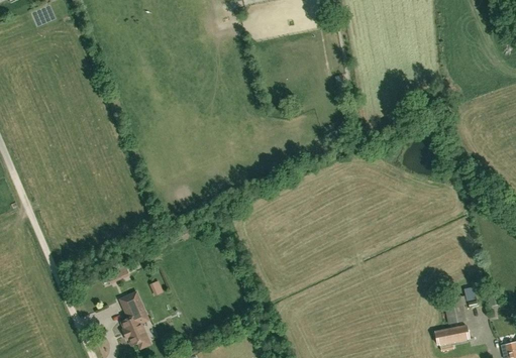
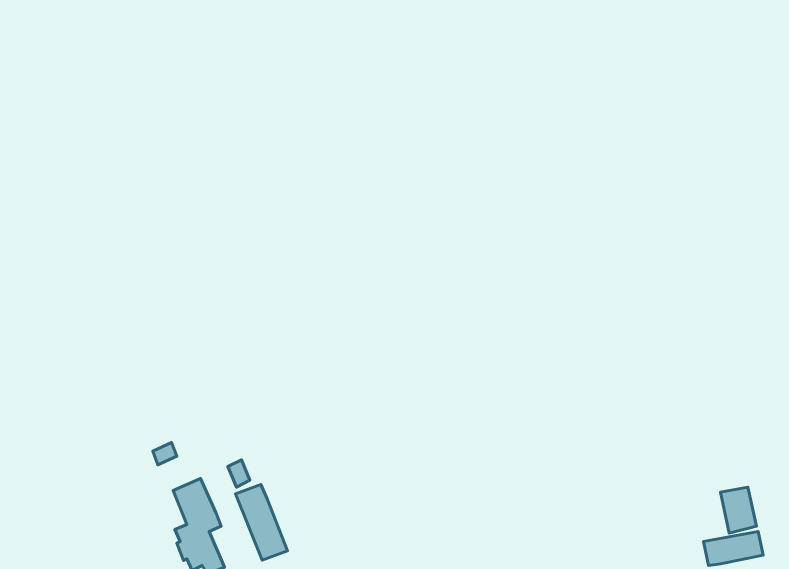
building: none -> [236,485,287,560]

